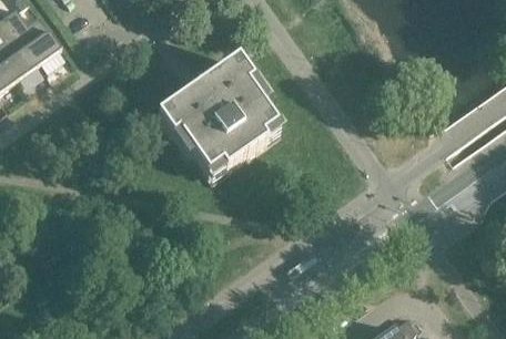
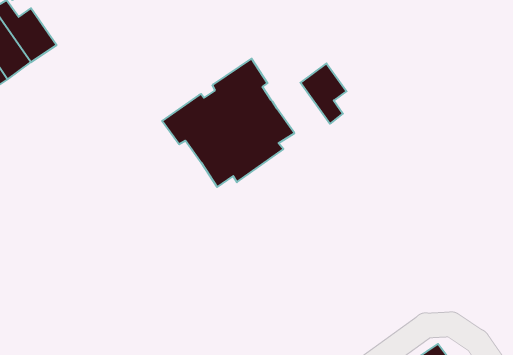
building: none -> [300,63,347,124]

